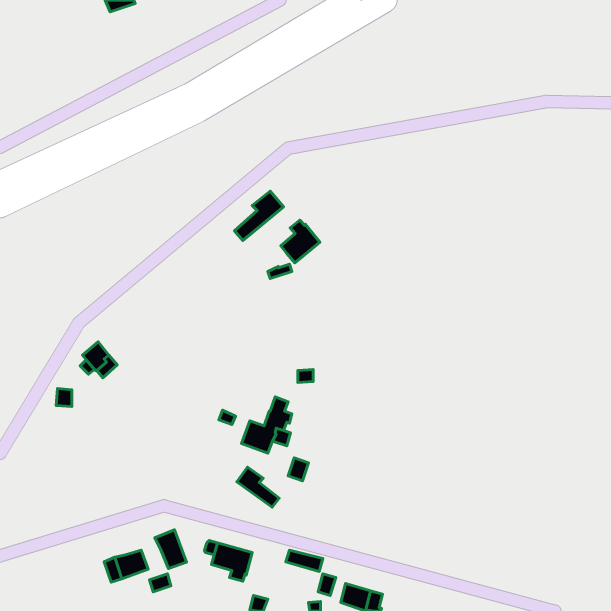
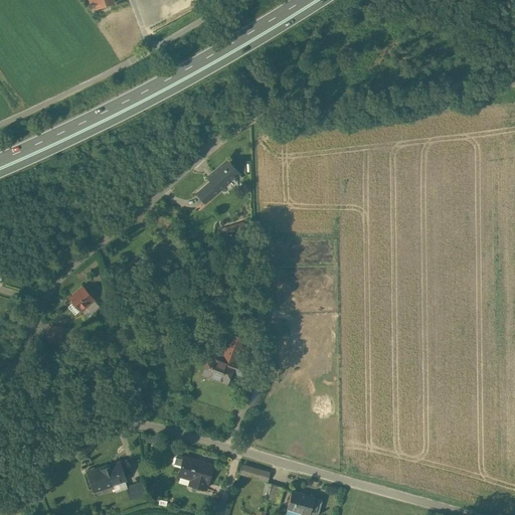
building: [281,220,320,263] -> none
building: [237,467,279,507] -> none
building: [155,530,187,569] -> none

